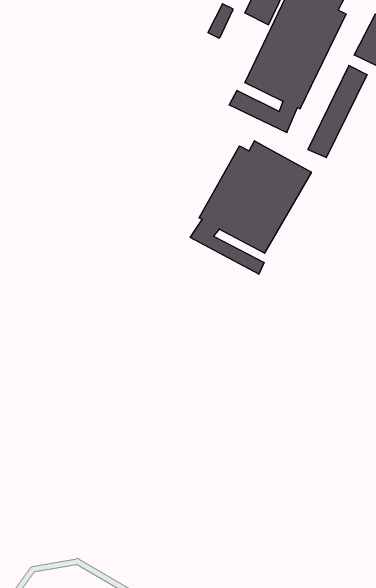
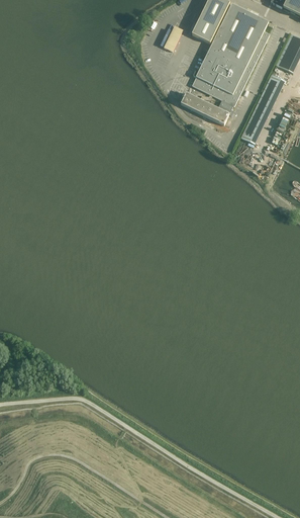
building: [190,141,311,274] -> none

